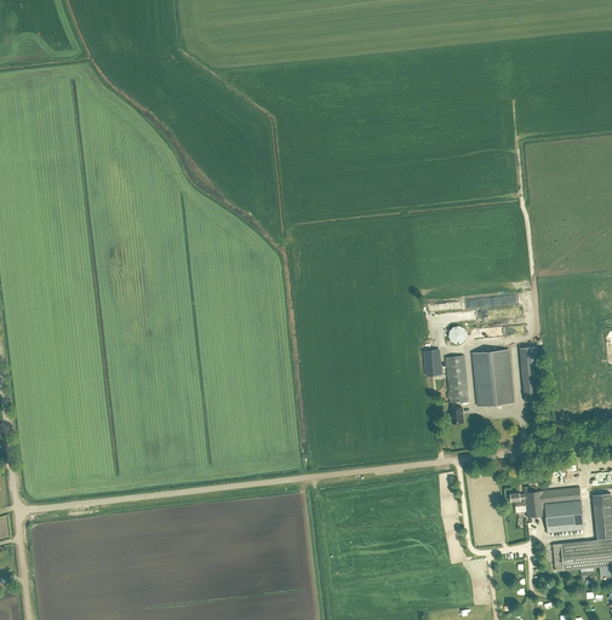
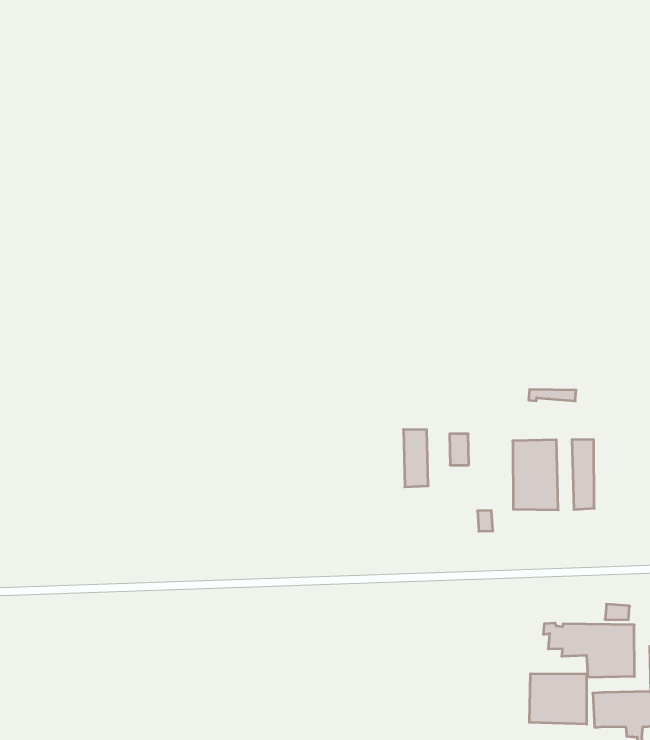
building: [446,356,469,402] -> [403,429,428,487]
building: none -> [529,674,587,724]

